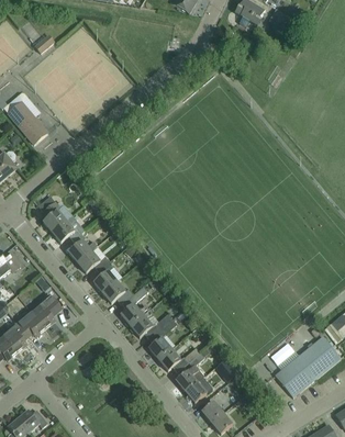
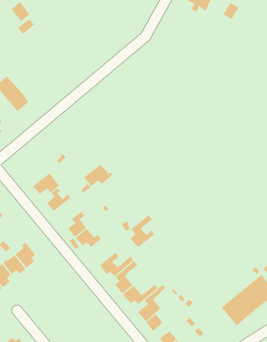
building: [43,201,73,232] -> none
building: [77,245,112,272] -> [84,163,113,187]
building: [121,285,151,325] -> [130,214,155,248]

